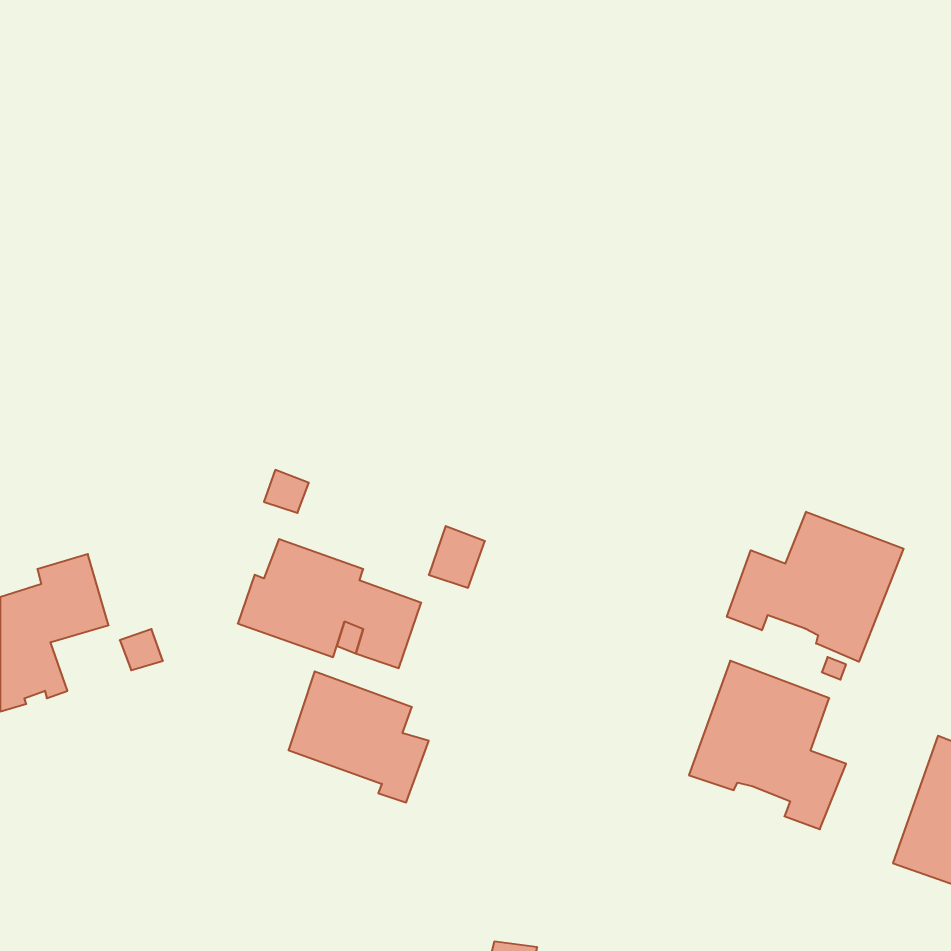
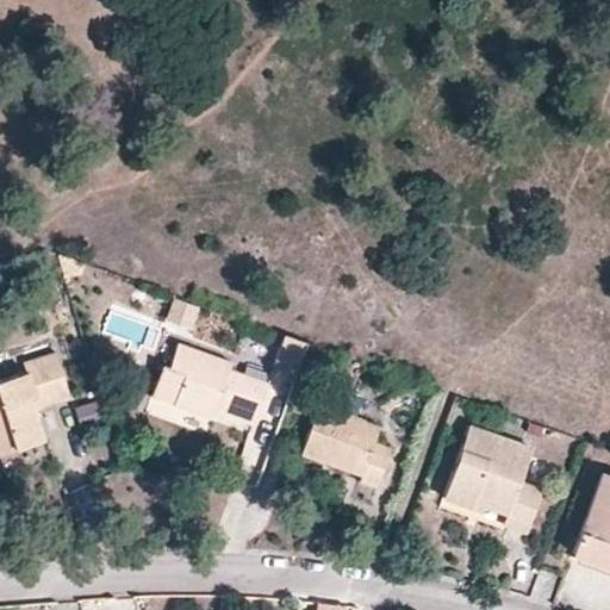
building: [727,512,904,662] -> none
building: [288,671,429,802] -> [305,407,394,491]

